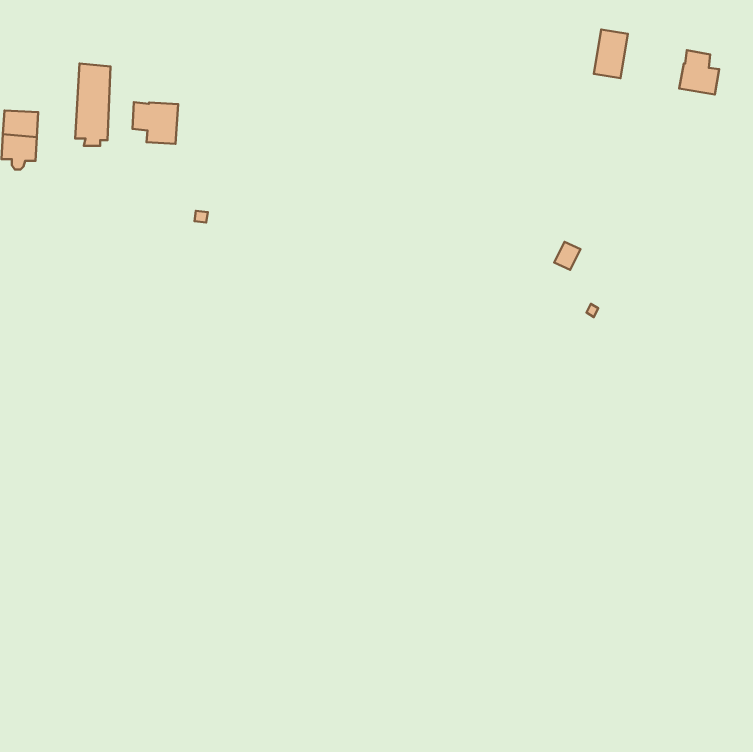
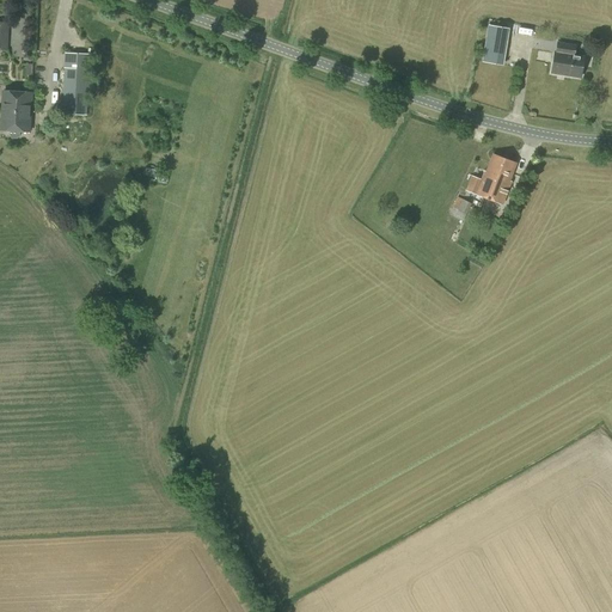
building: [132,102,178,144] -> none
building: none -> [466,153,516,203]

